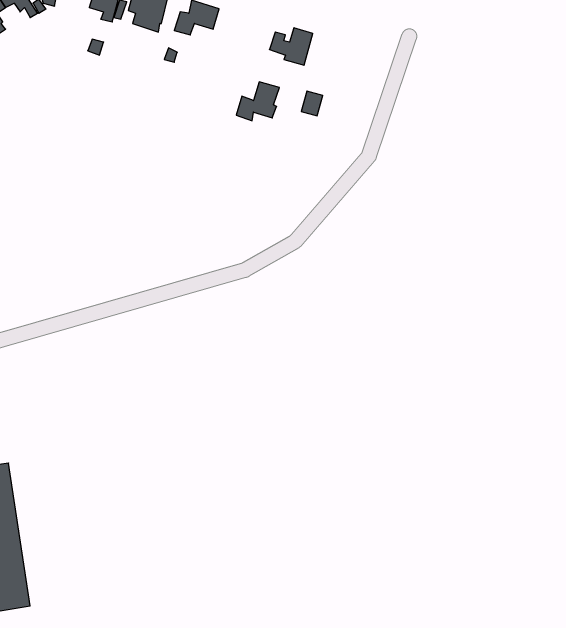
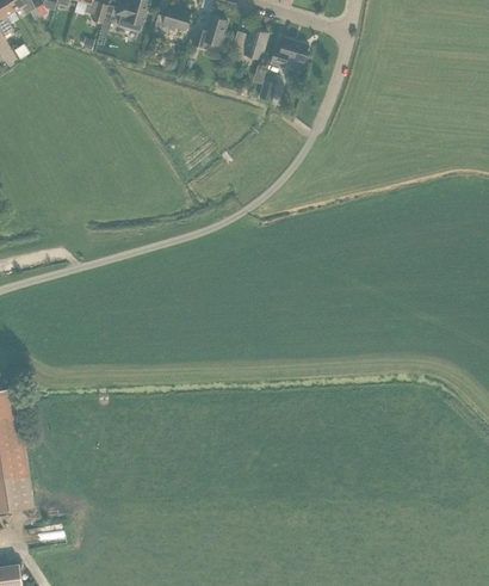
building: none -> [270,37,308,67]
building: [236,82,279,121] -> [191,16,227,48]

